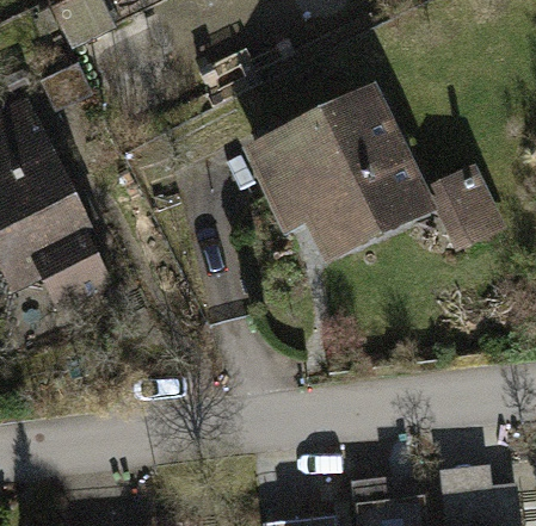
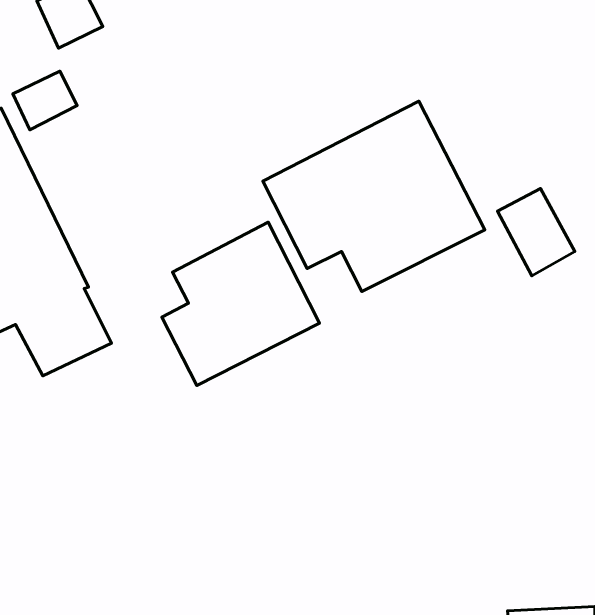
building: none -> [162,222,320,386]

